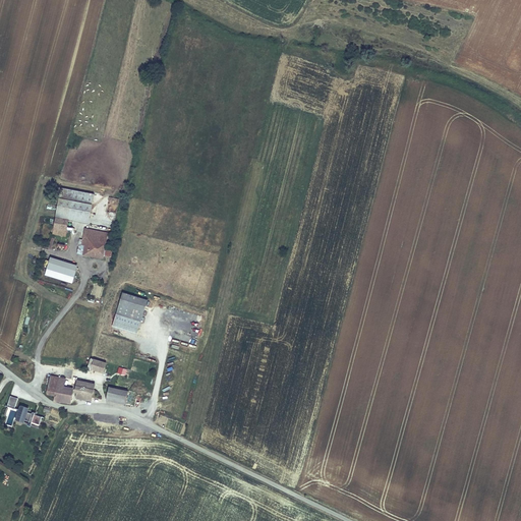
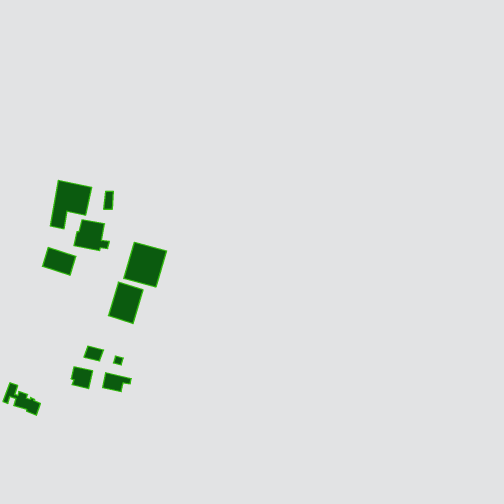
building: none -> [124,242,166,287]
building: [47,374,73,403] -> none

